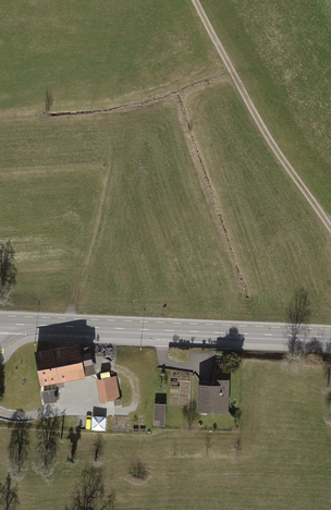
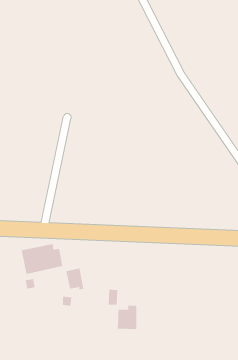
building: [198,379,225,412] -> [117,305,137,330]

